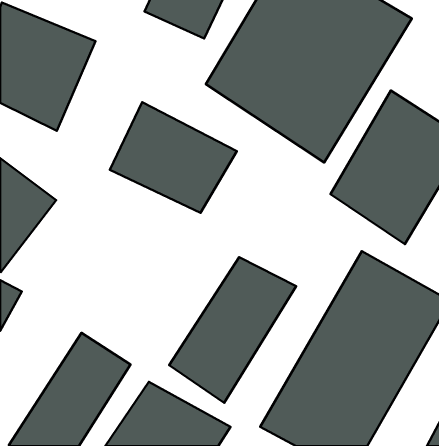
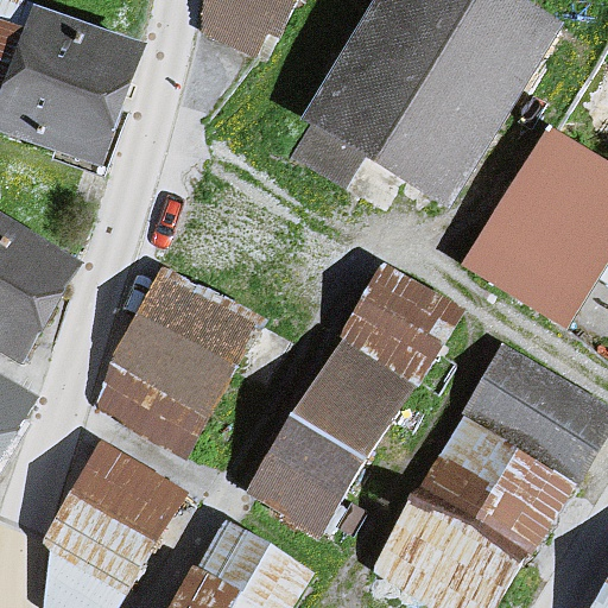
building: [110,102,237,213] -> none
building: none -> [336,264,457,387]
building: none -> [100,276,252,446]

